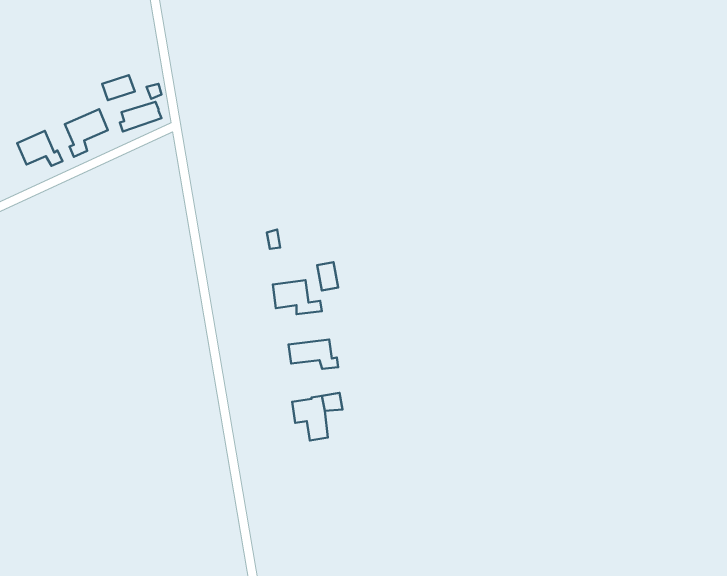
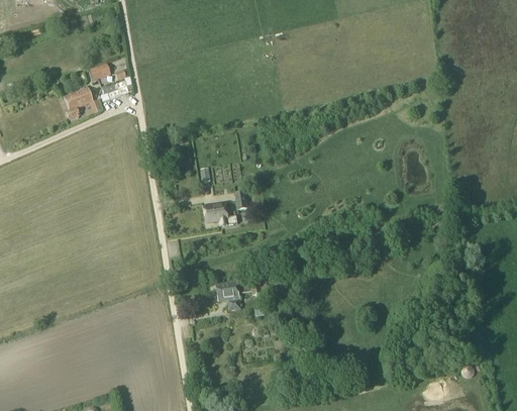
building: [17,131,62,166] -> none
building: [289,339,338,369] -> none

